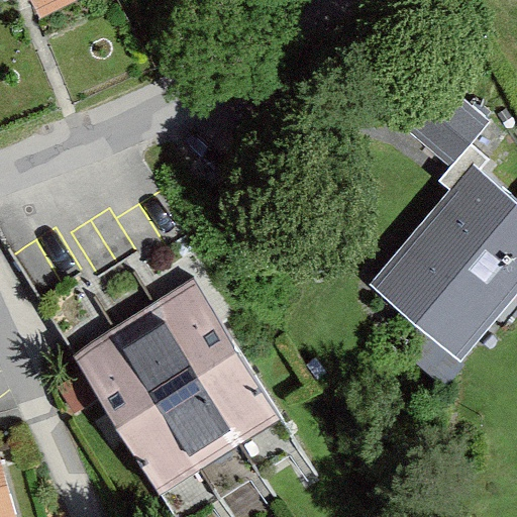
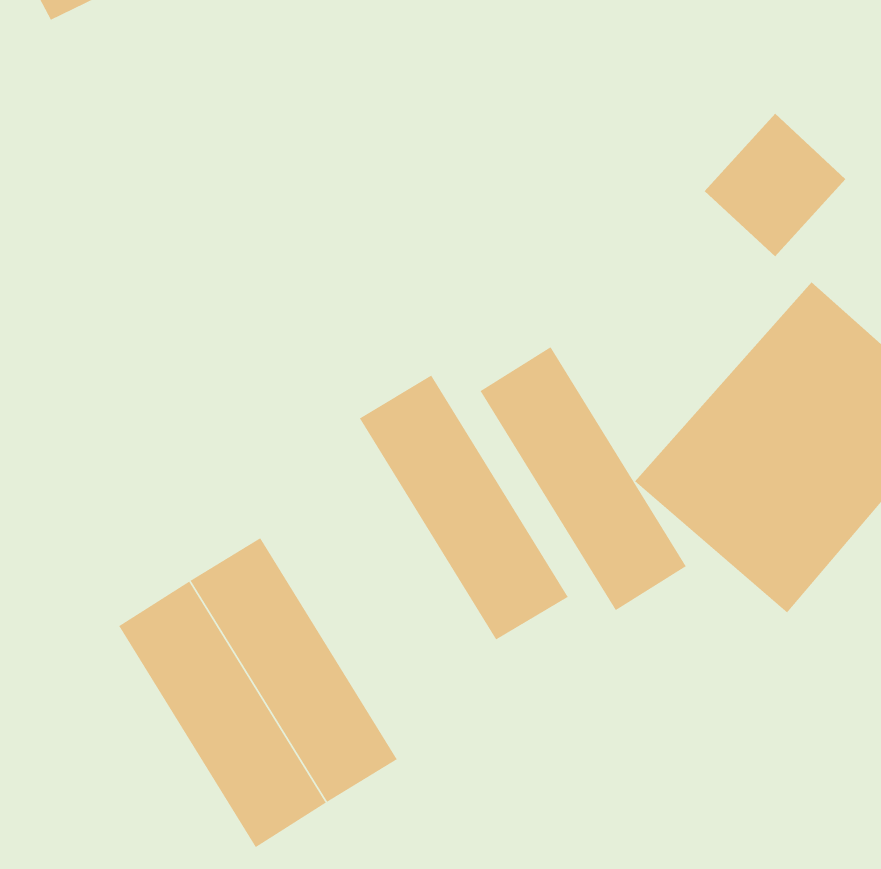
building: none -> [480,346,687,611]
building: [156,287,278,441] -> [359,375,569,641]

